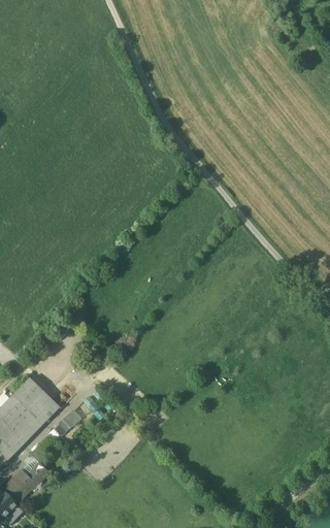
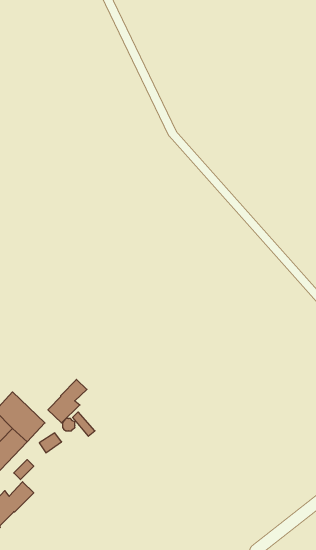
building: none -> [48,379,87,423]

